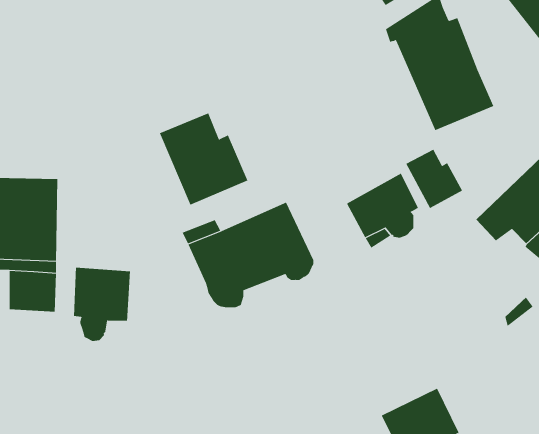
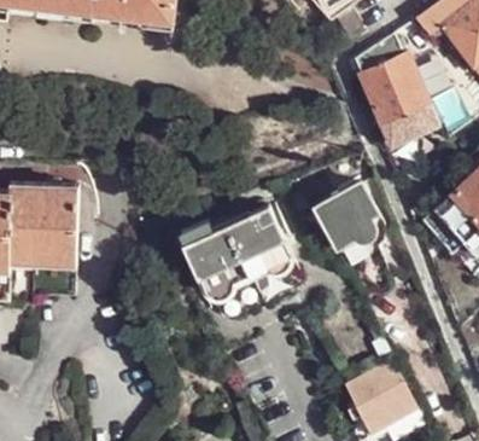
building: [159,113,248,205] -> none
building: [406,149,463,209] -> none
building: [74,267,131,342] -> none

